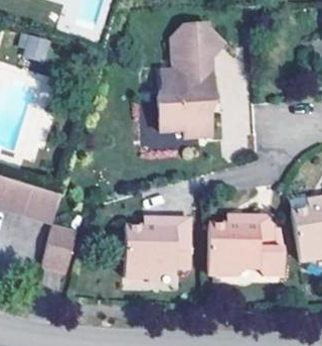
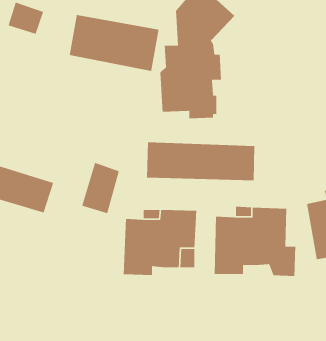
building: none -> [69,14,160,72]
building: none -> [146,141,255,181]
building: [38,224,73,271] -> [81,162,120,214]

